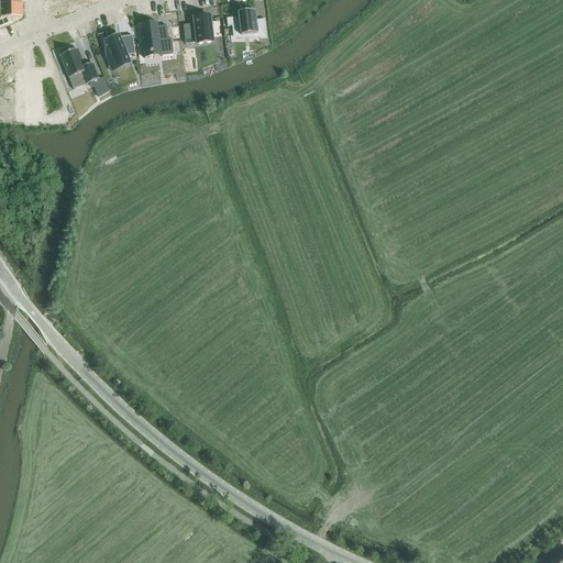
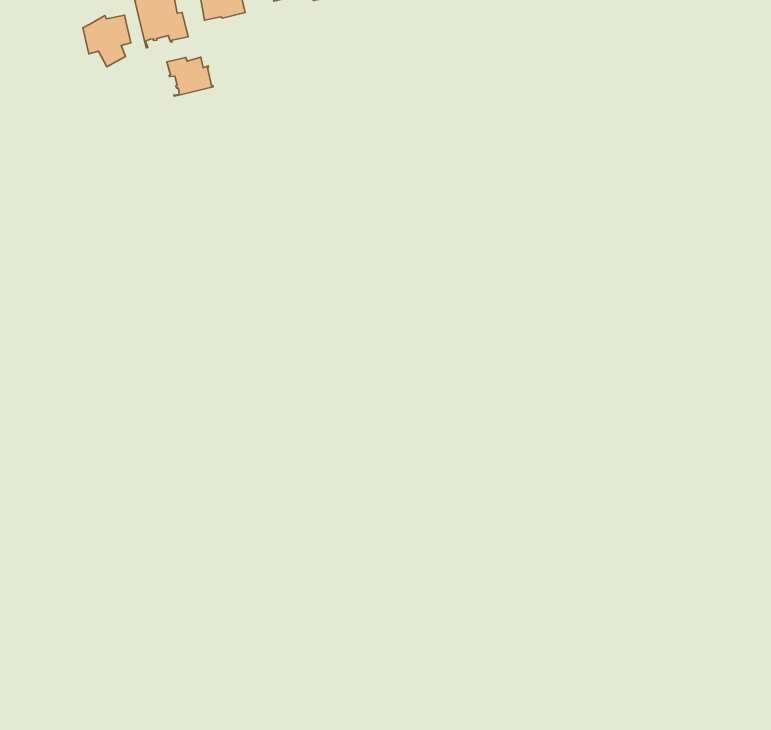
building: [59,46,99,87] -> none
building: none -> [167,57,213,96]

